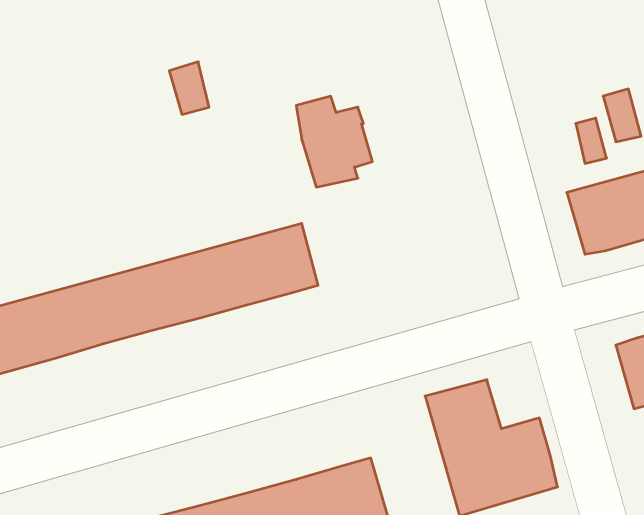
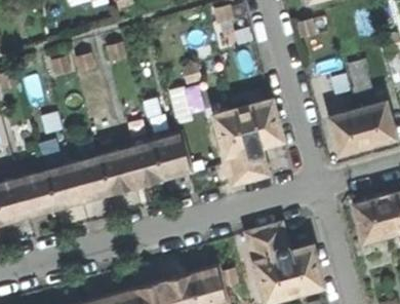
building: none -> [213,101,279,184]

